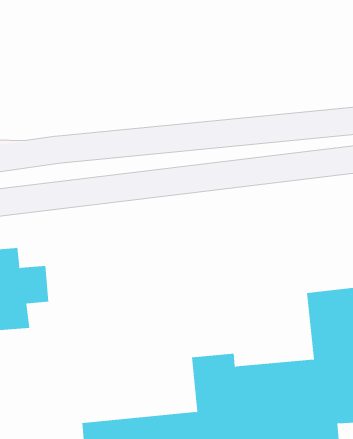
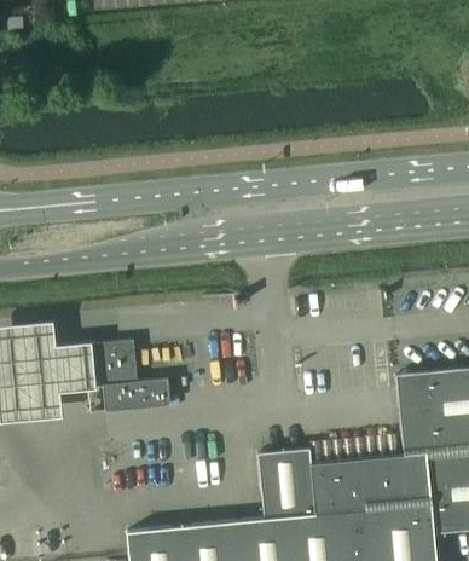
building: none -> [85,340,170,410]

